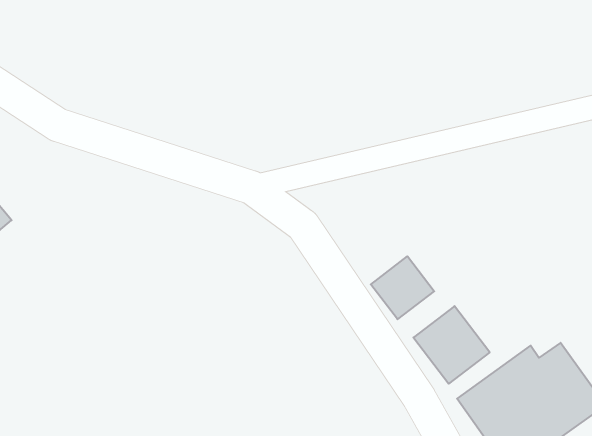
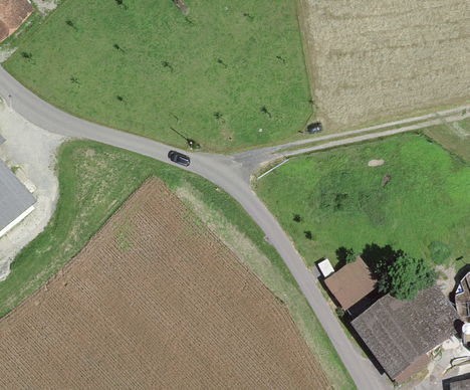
building: [371,256,434,319] -> none

